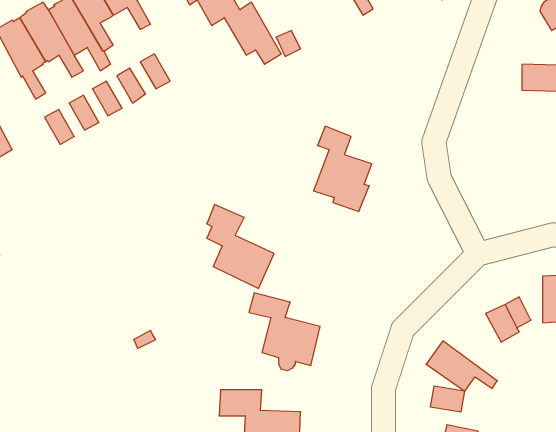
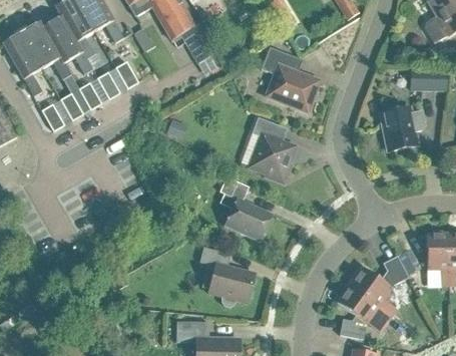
building: none -> [262,46,319,110]
building: none -> [380,105,425,150]
building: [207,204,274,288] -> [220,175,273,241]
building: none -> [350,266,397,314]

